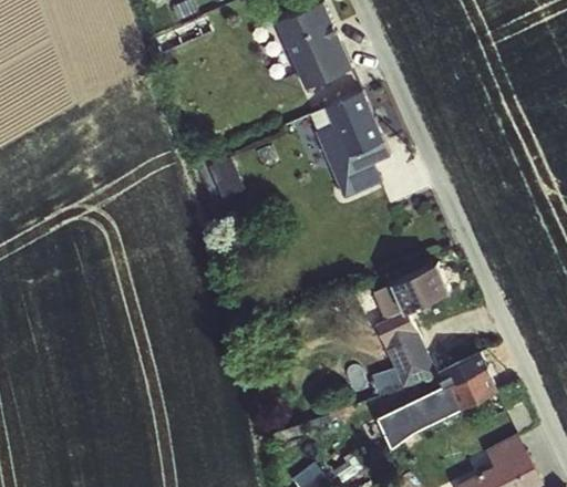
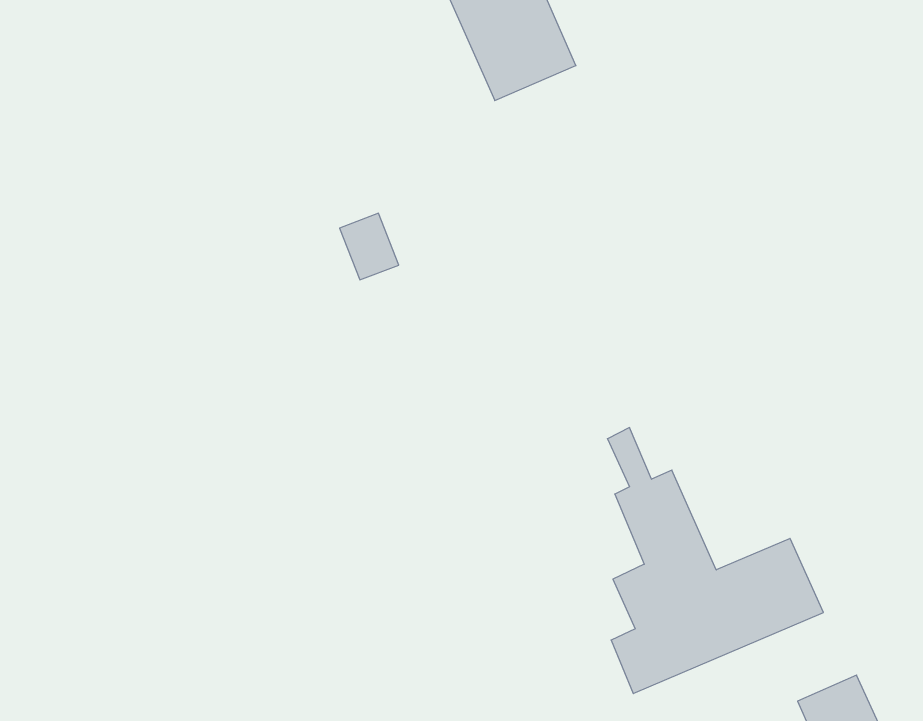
building: [307,92,389,200] -> none
building: [384,261,453,315] -> none

